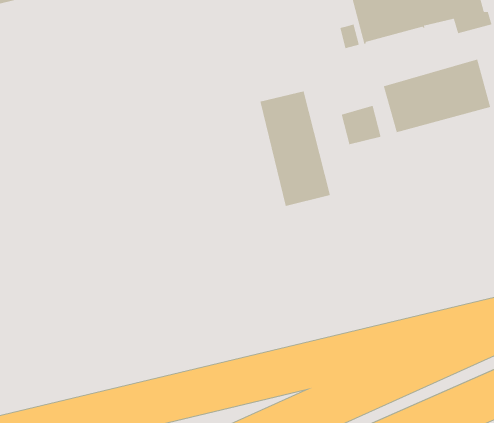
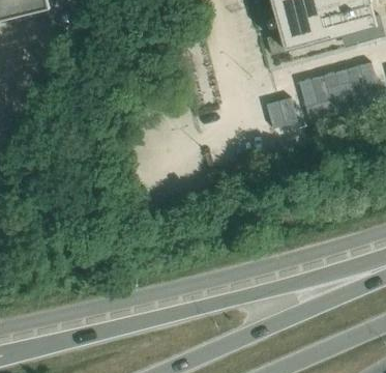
building: [259,91,331,207] -> none

